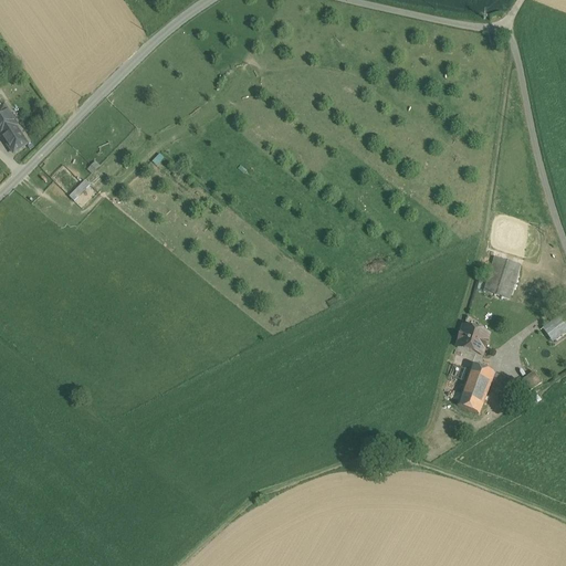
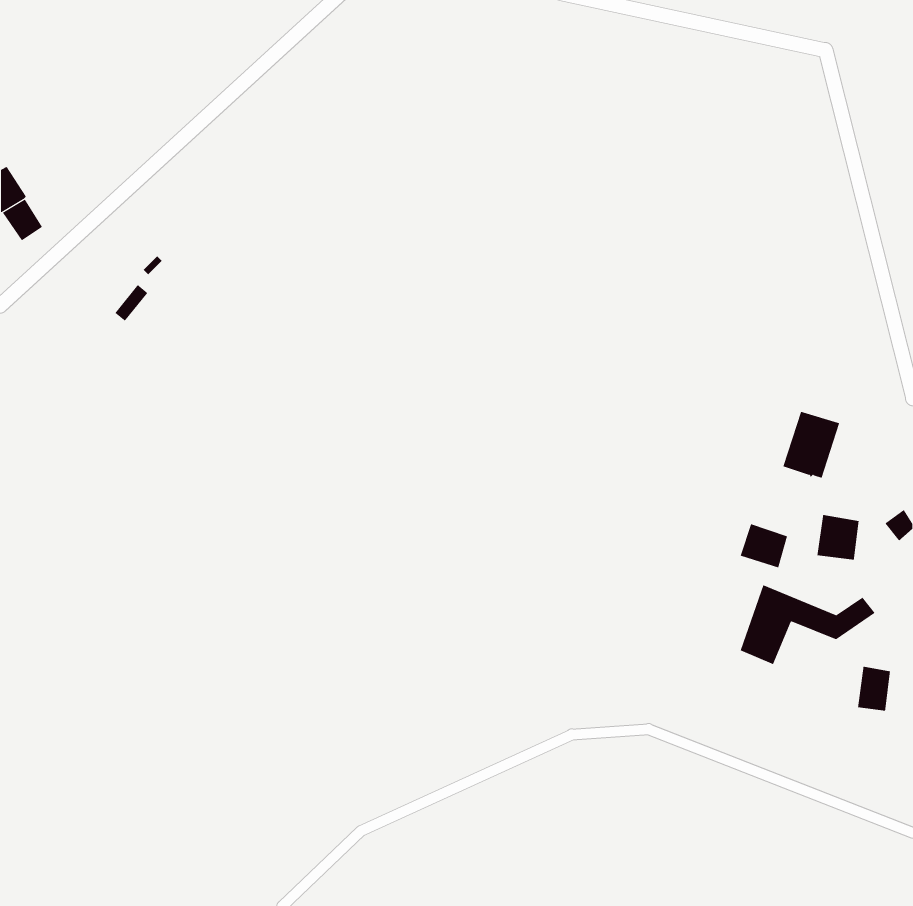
building: none -> [817,514,859,561]
building: none -> [858,666,890,711]

